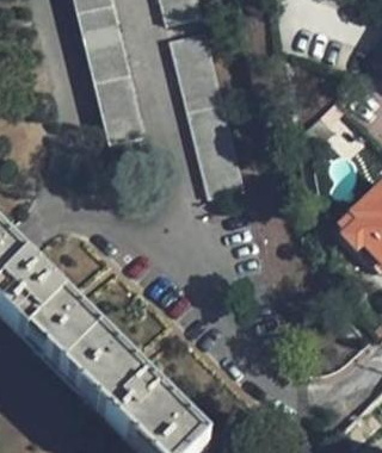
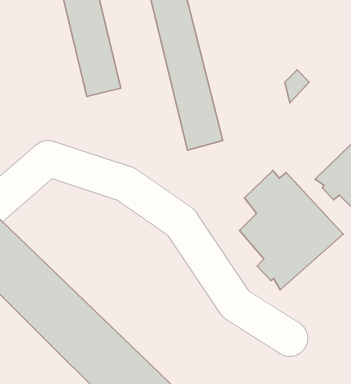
building: none -> [240,170,343,290]

